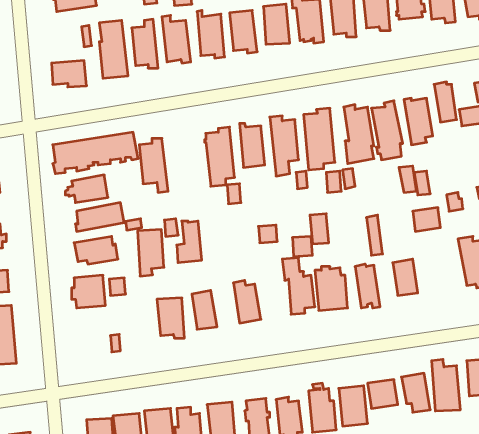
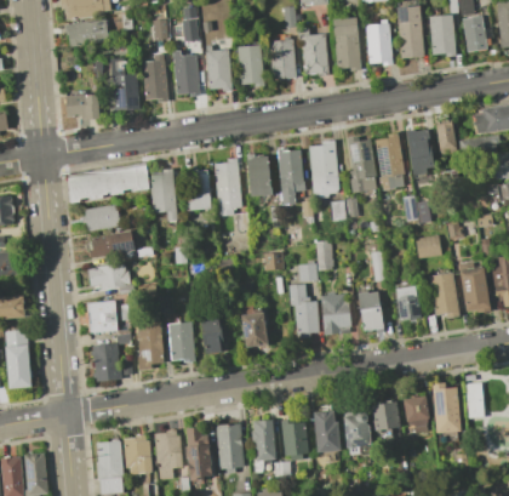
building: [177,221,202,263] -> [187,170,211,210]
building: [138,230,164,276] -> [137,325,162,370]
building: none -> [429,273,459,318]
building: none -> [91,333,131,381]

